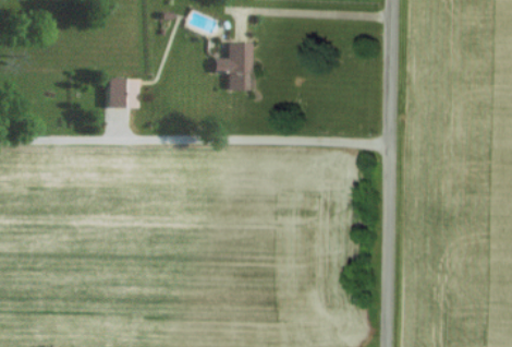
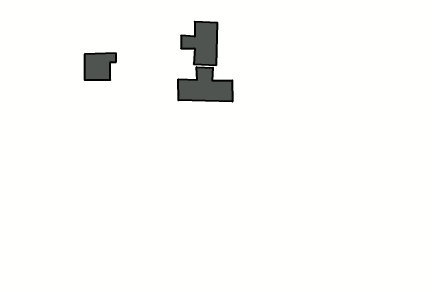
building: none -> [178,67,232,102]

